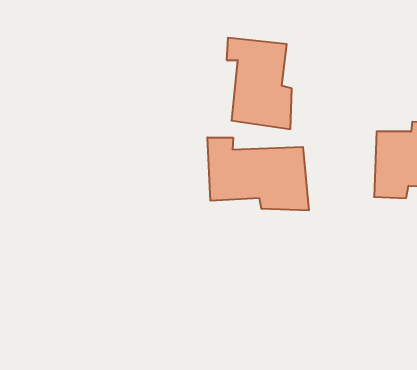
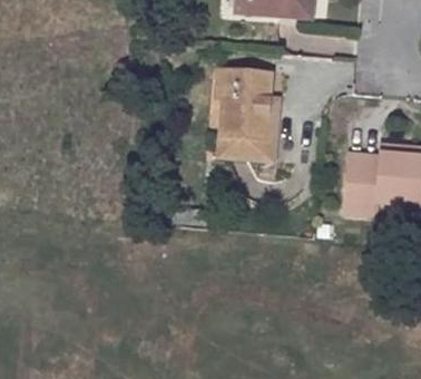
building: [207,137,309,210] -> none

